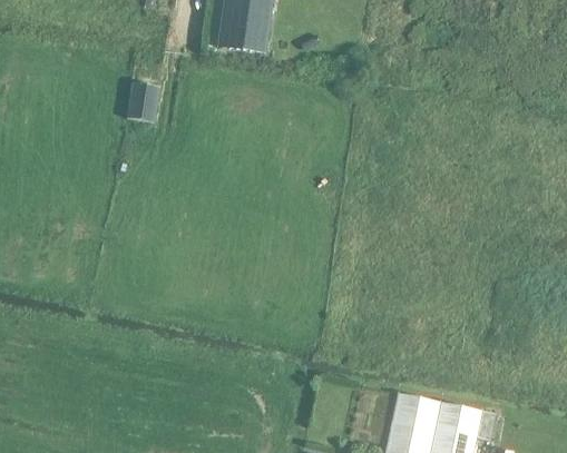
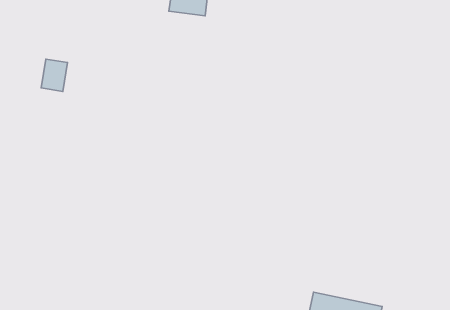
building: [126,82,158,122] -> [41,59,67,92]

